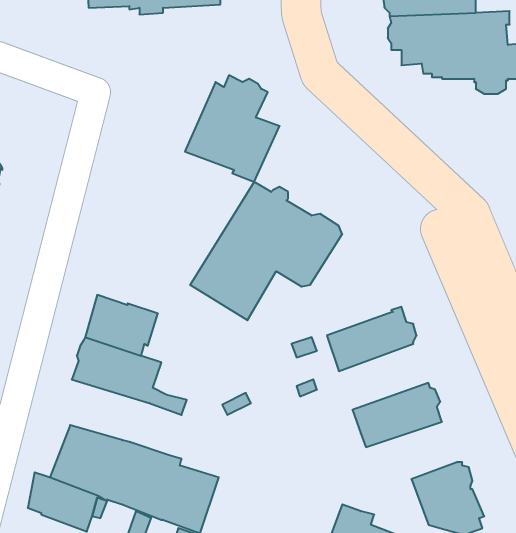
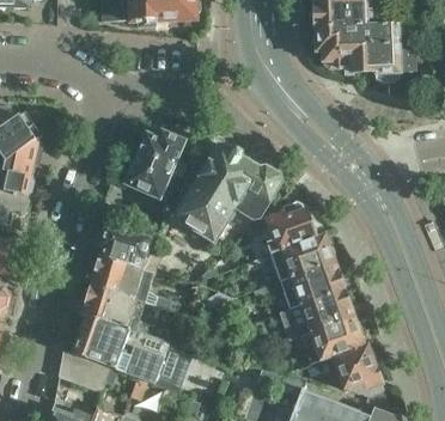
building: [185,75,280,182] -> [124,129,191,205]
building: none -> [264,201,317,254]
building: none -> [279,260,343,306]
building: none -> [81,285,161,338]
building: none -> [298,315,362,362]

